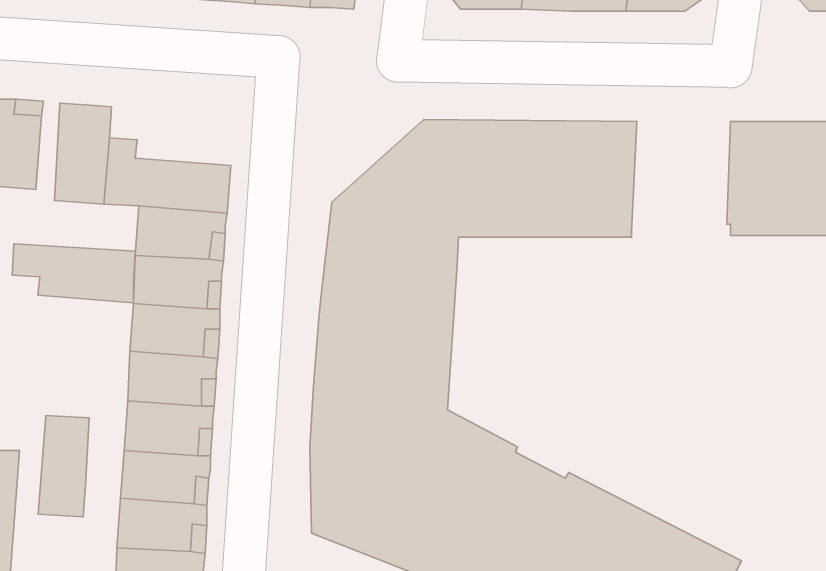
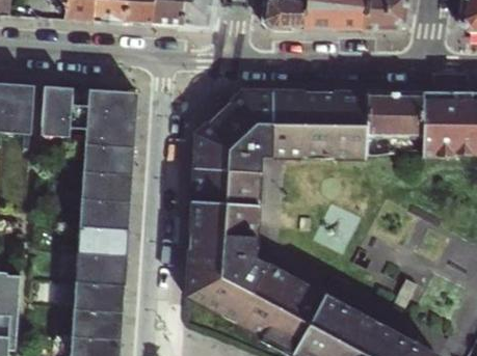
building: none -> [365,91,421,154]
building: [12,244,135,303] -> [70,83,139,116]
building: [38,415,89,517] -> none

